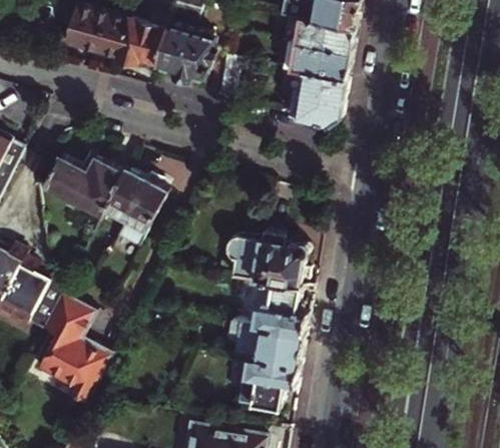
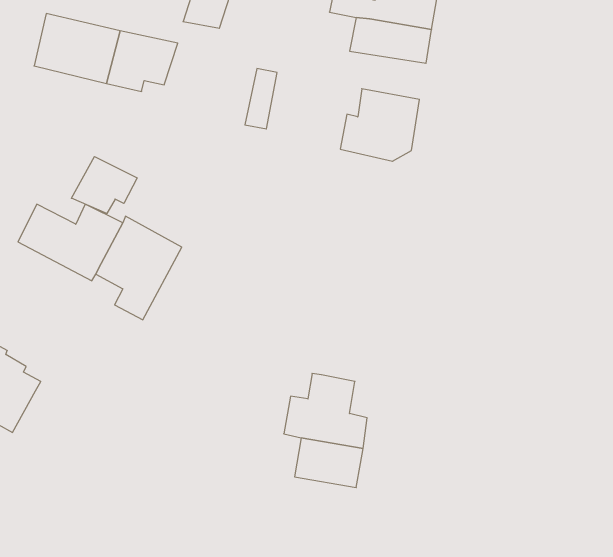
building: [155,28,212,77] -> none
building: [290,40,351,76] -> none
building: none -> [71,157,137,214]
building: [224,229,311,287] -> none
building: [37,294,111,407] -> none
building: [244,358,299,409] -> none

